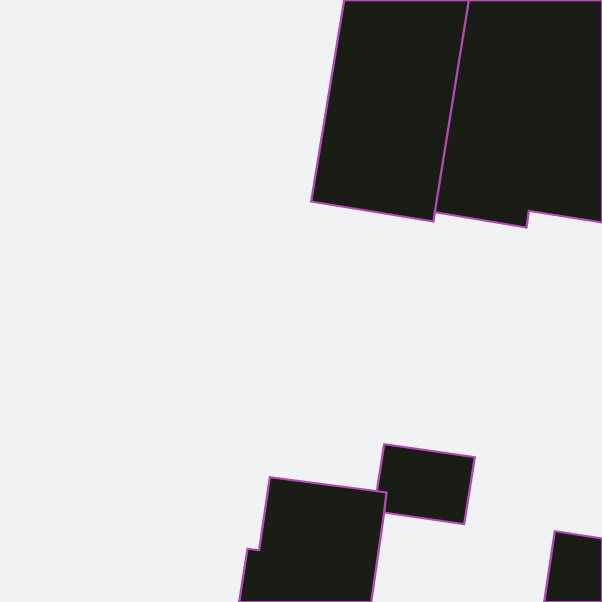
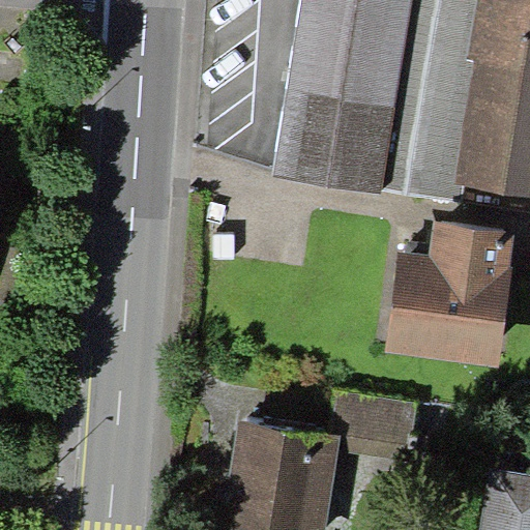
building: none -> [384,219,517,366]

